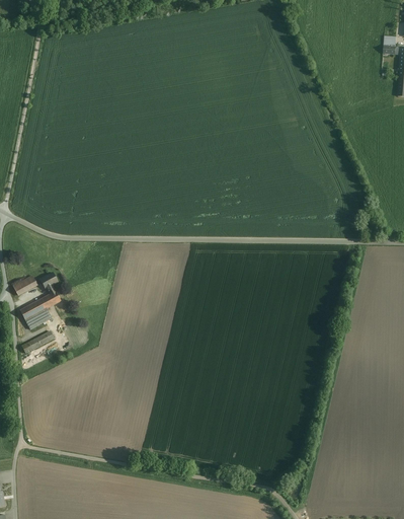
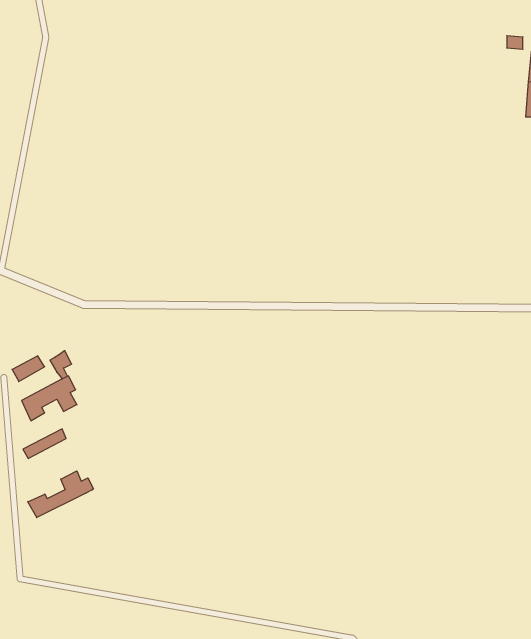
building: none -> [28,471,93,518]

